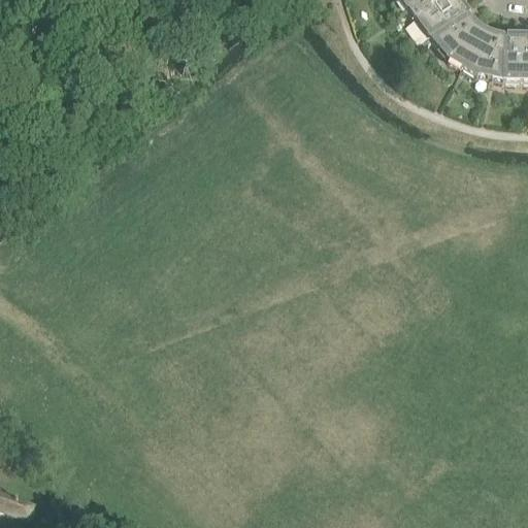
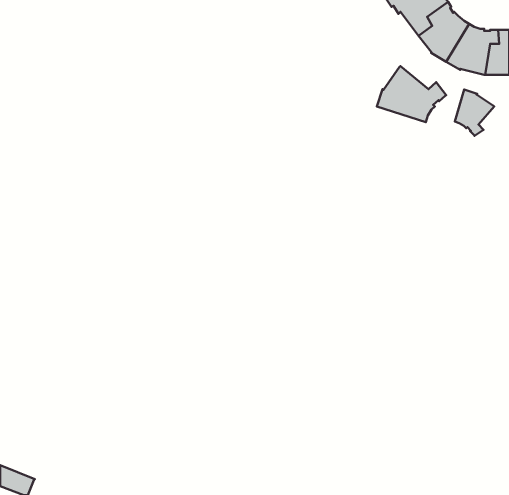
building: none -> [377,66,446,122]
building: none -> [455,89,494,136]

